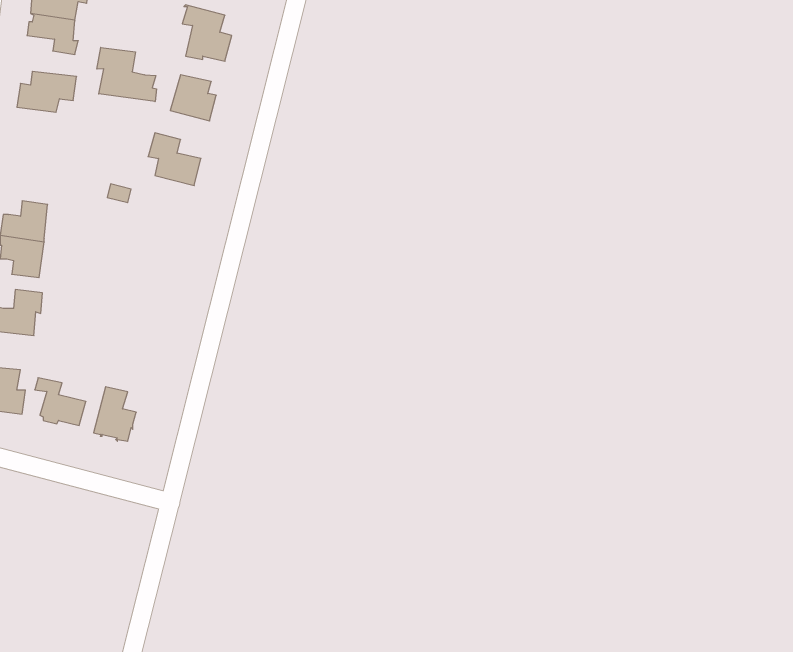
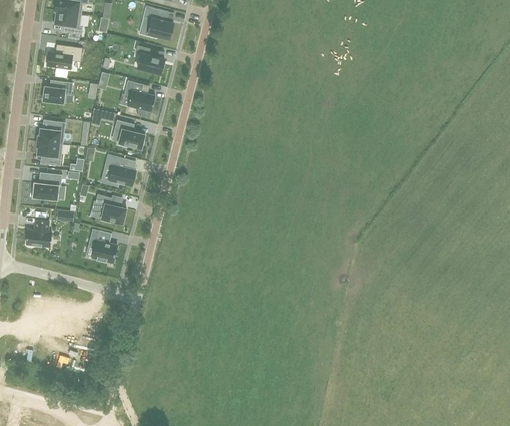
building: [97,47,156,102] -> none
building: none -> [41,81,71,103]
building: none -> [114,119,144,148]
building: none -> [105,154,135,186]
building: [35,378,86,425] -> [95,194,125,223]

